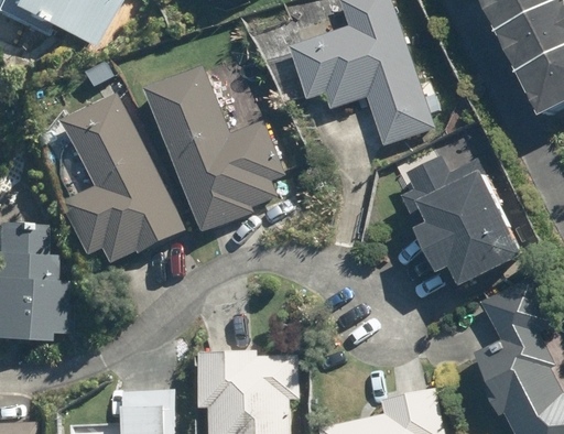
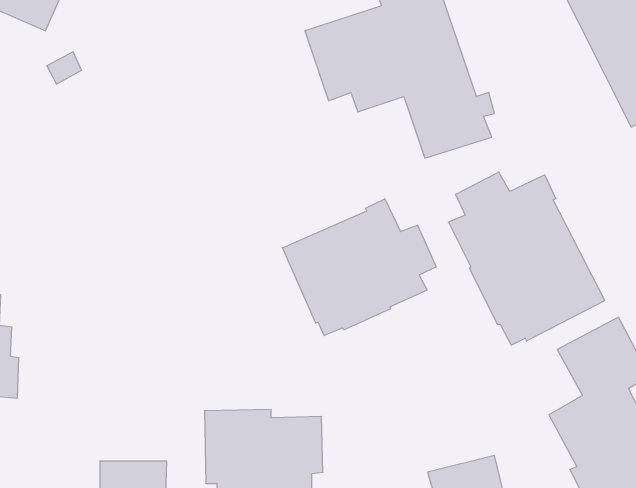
building: [142,67,283,234] -> none
building: [58,96,183,264] -> none
building: none -> [282,199,436,336]

